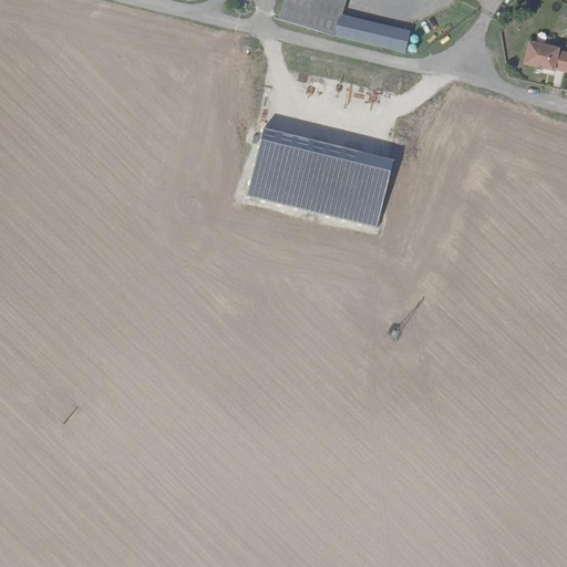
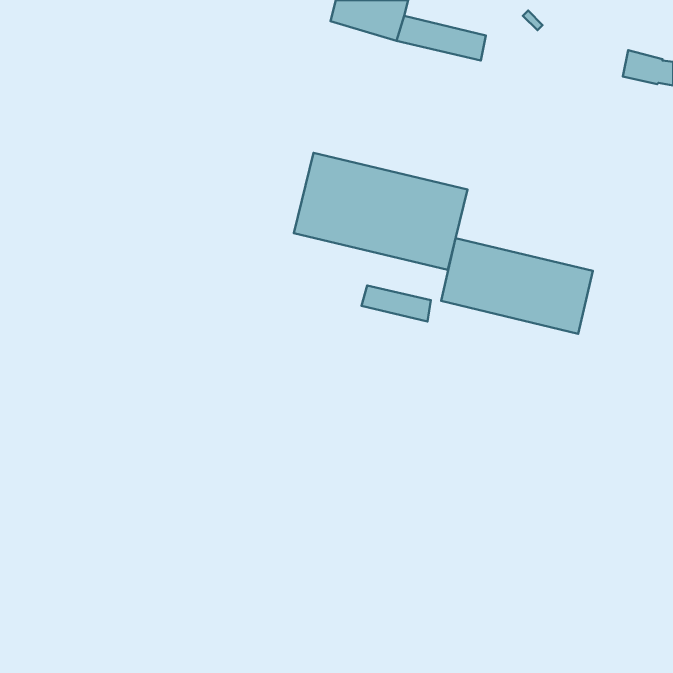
building: none -> [441,238,593,334]
building: none -> [362,285,431,321]

